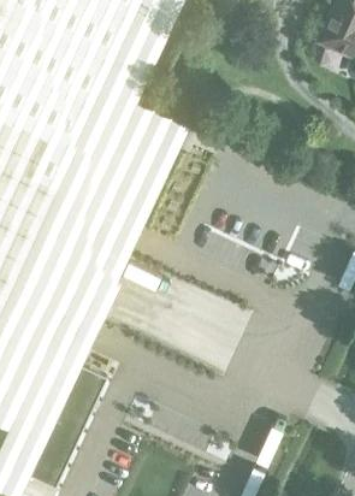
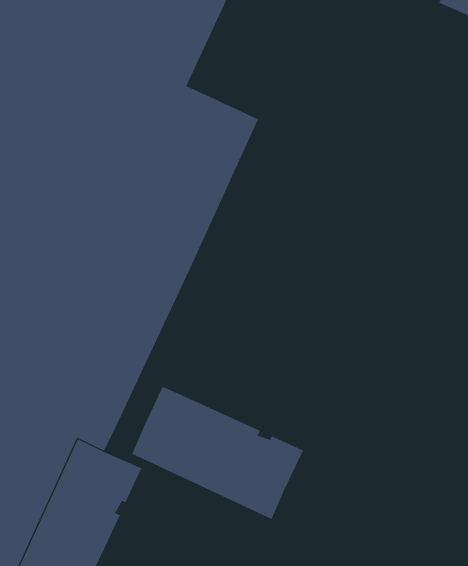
building: none -> [131,386,304,520]

